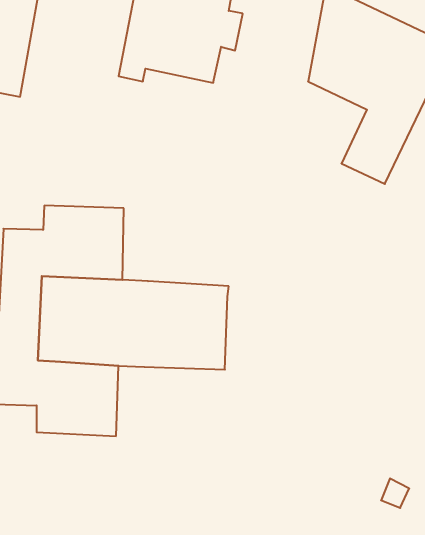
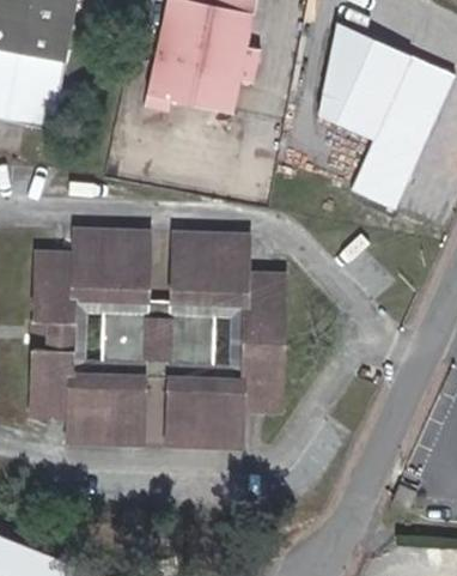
building: none -> [166,231,287,447]

